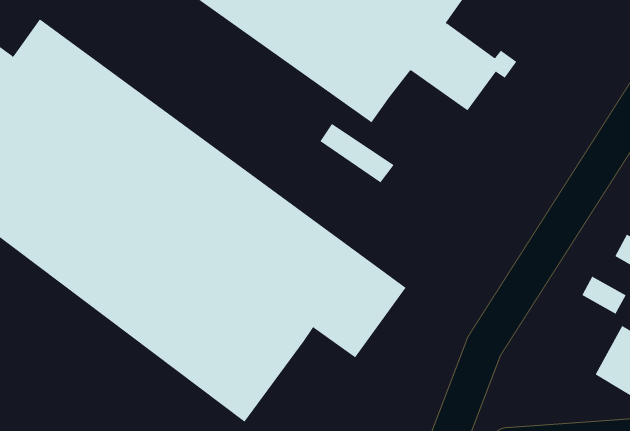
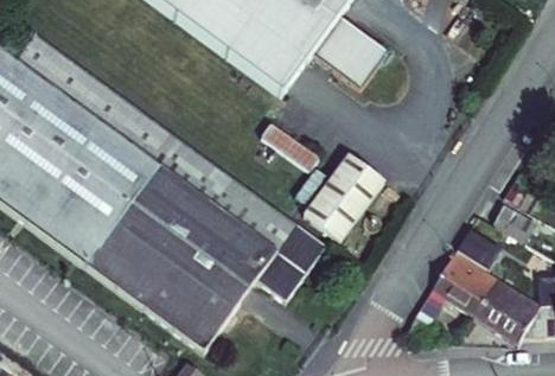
building: none -> [295,151,379,238]
building: none -> [406,249,497,345]

